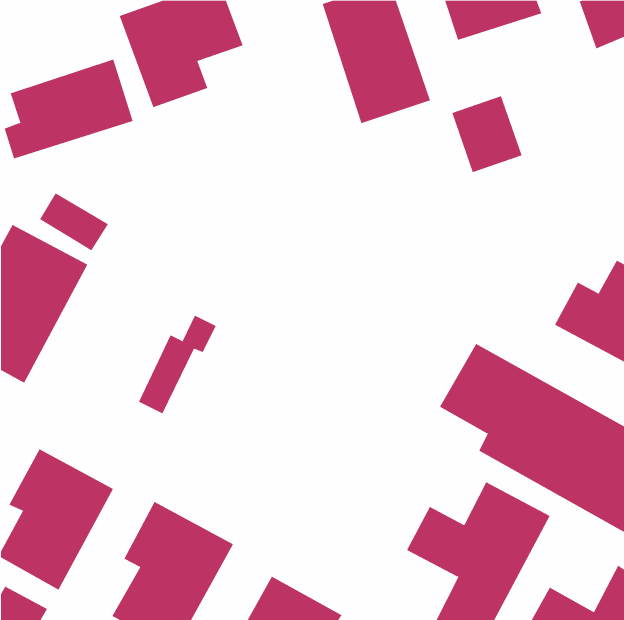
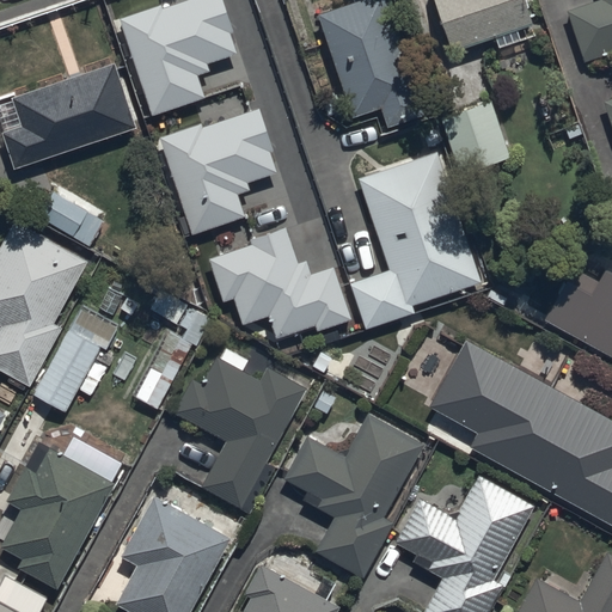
building: none -> [159,109,277,233]
building: none -> [353,152,484,323]
building: none -> [213,232,349,342]
building: none -> [33,330,99,410]
building: none -> [173,350,307,508]
building: none -> [280,417,432,577]

